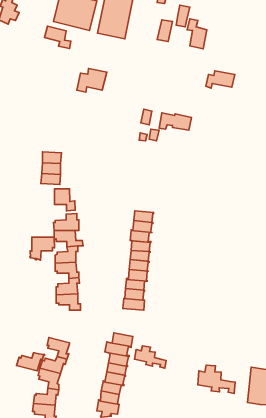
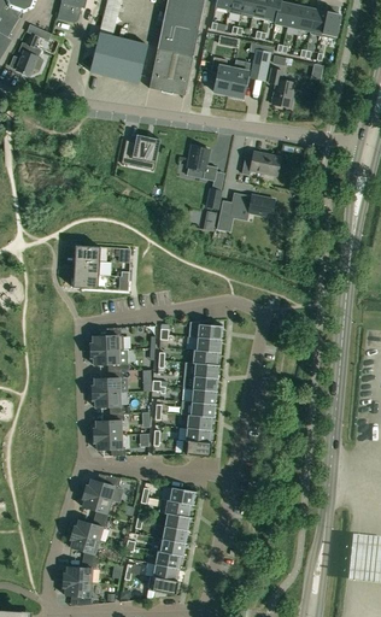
building: none -> [210,57,234,95]
building: [45,26,71,48] -> none
building: [206,71,235,88] -> [241,152,280,175]
building: none -> [187,146,217,181]
building: [54,189,75,211] -> none
building: [30,237,54,260] -> none
building: [135,346,166,368] -> none
building: [16,353,44,371] -> [83,475,121,499]
building: [198,365,235,393] -> none

